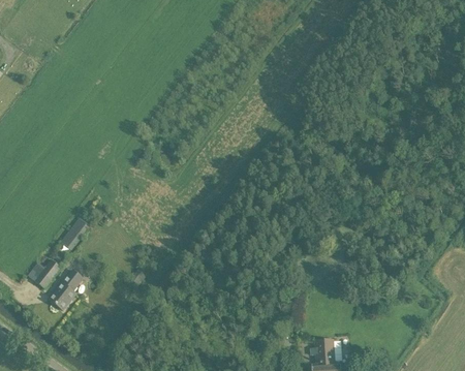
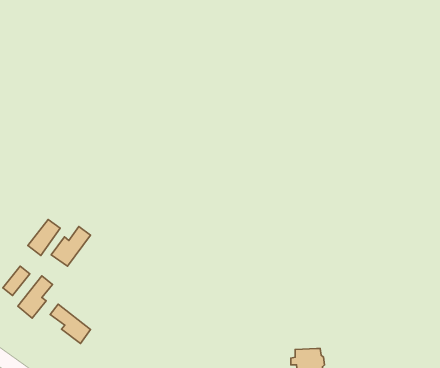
building: none -> [51,226,91,266]
building: none -> [50,304,91,344]

